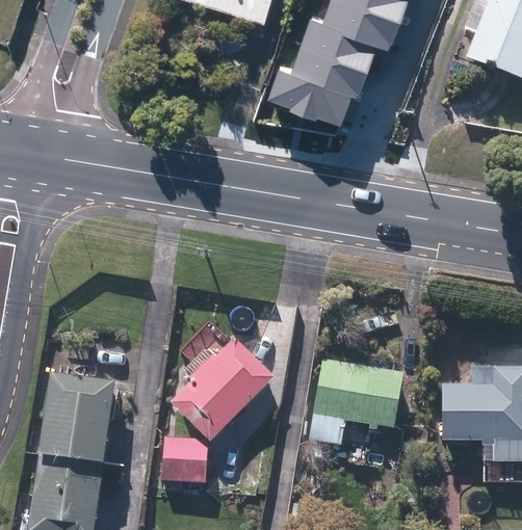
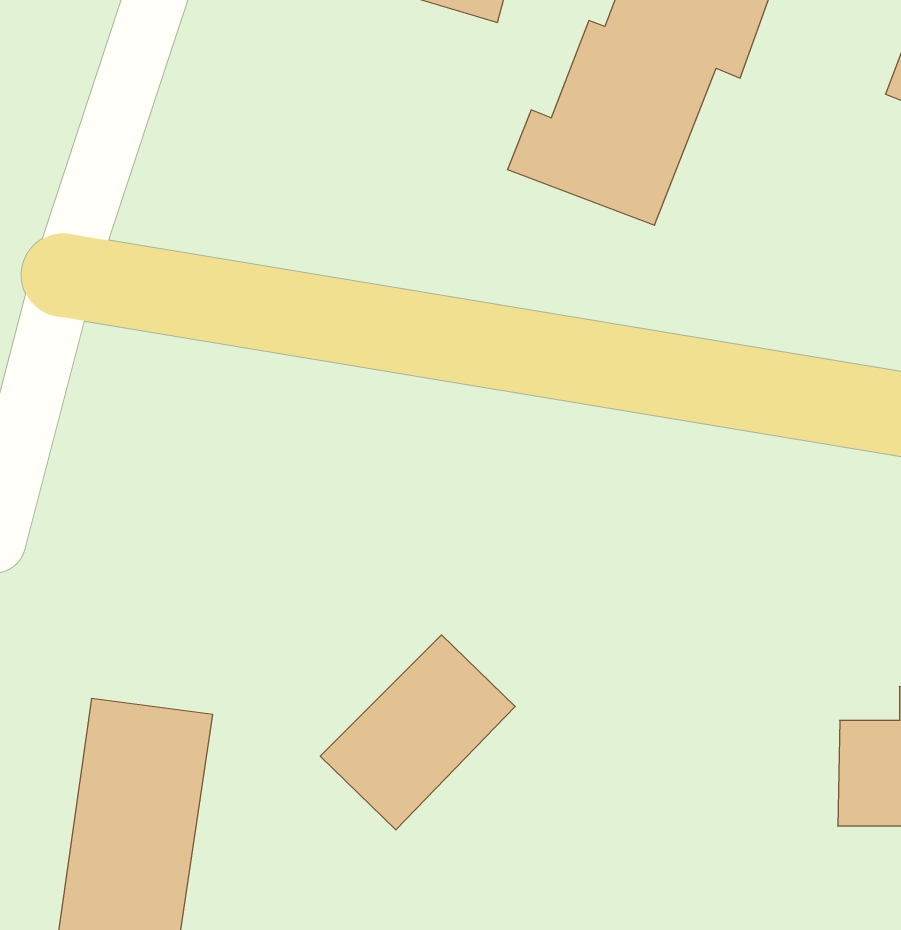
building: [309,357,402,442] -> none
building: [162,438,207,482] -> none

